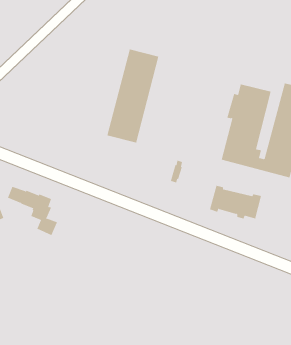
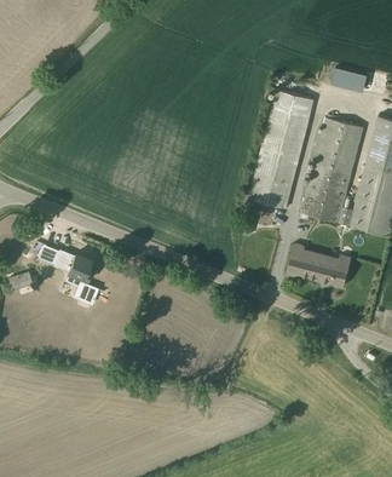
building: none -> [328,65,364,91]
building: [107,49,159,143] -> [248,91,313,208]

